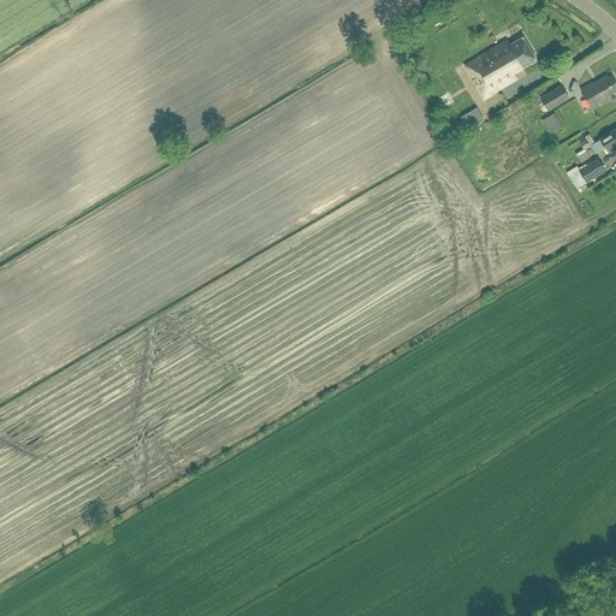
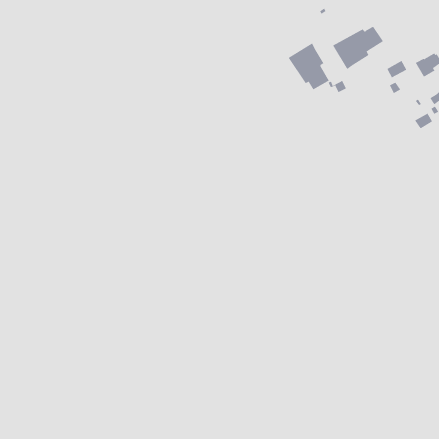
building: none -> [288,43,330,90]

